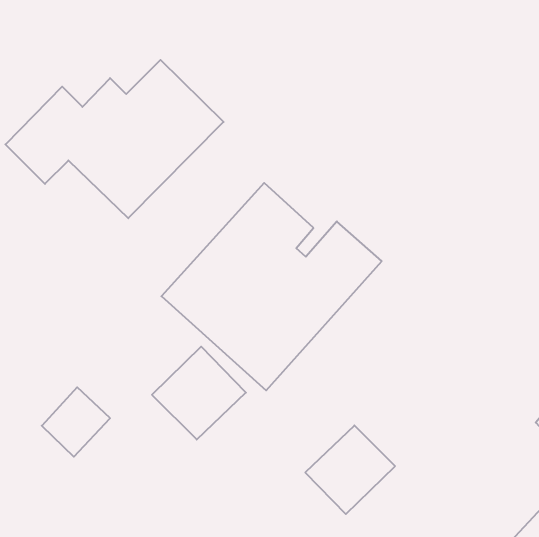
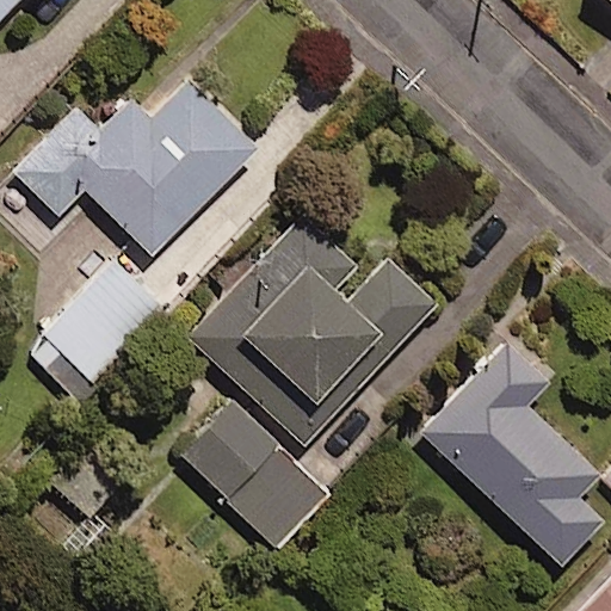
building: none -> [31,264,159,406]
building: none -> [421,339,601,563]
building: [305,425,395,514] -> [228,449,328,548]

